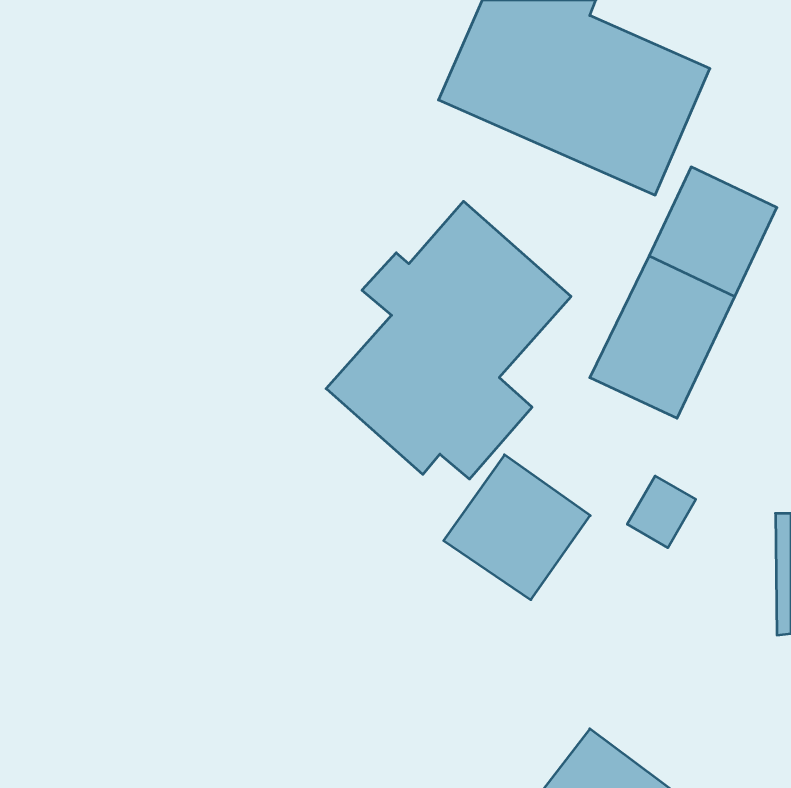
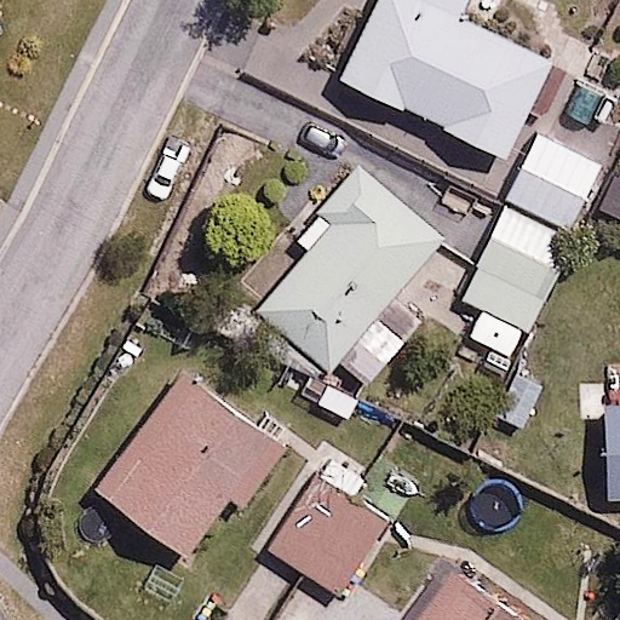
building: [444,455,590,600] -> [270,482,384,595]
building: none -> [98,374,285,556]

